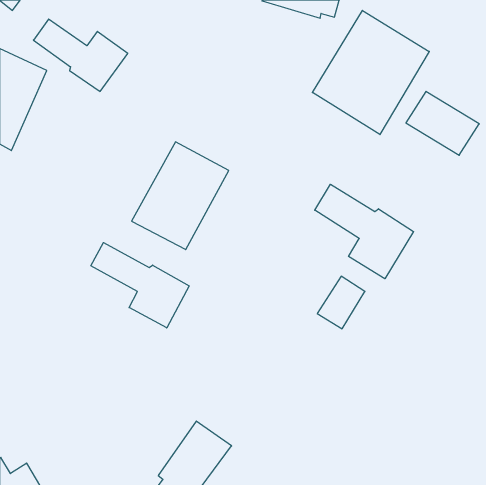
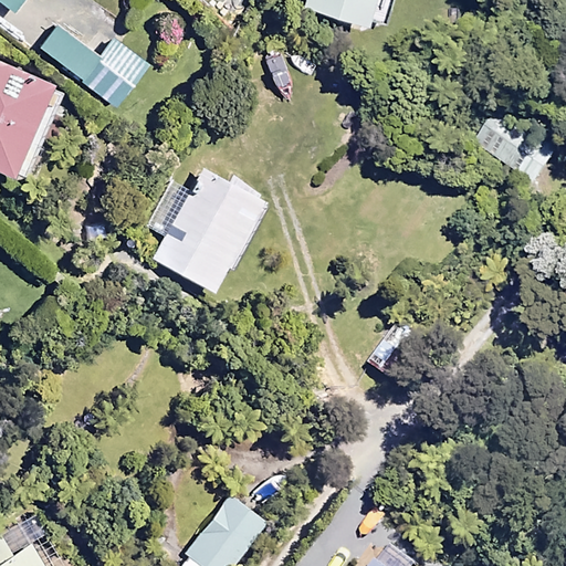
building: [312,10,429,135] -> none
building: [315,184,414,279] -> none
building: [91,243,189,328] -> none

